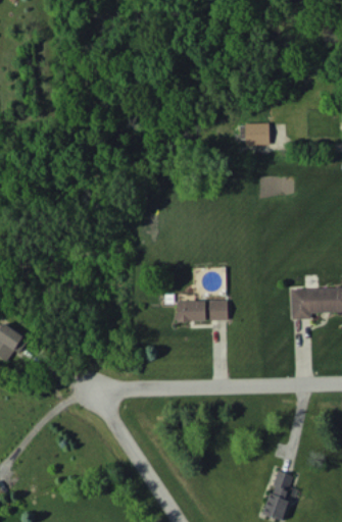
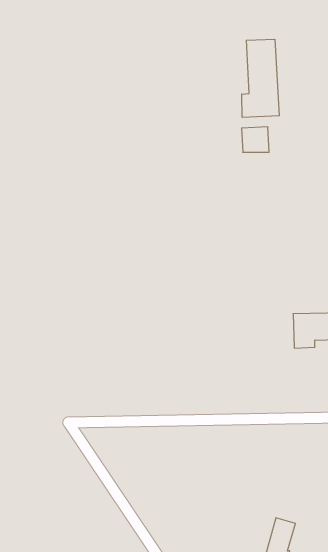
building: none -> [242,39,279,117]
building: [177,300,228,321] -> none

